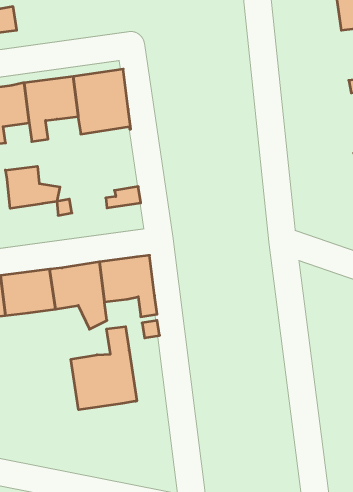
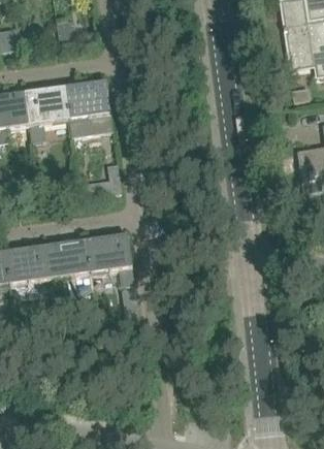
building: [5,166,60,208] -> none
building: [71,327,137,410] -> none

